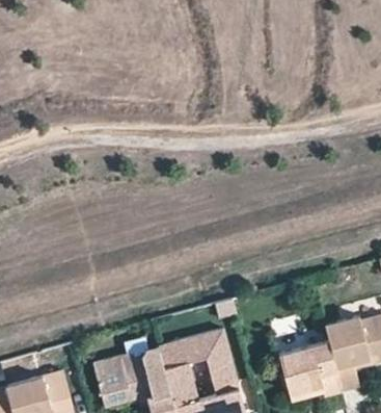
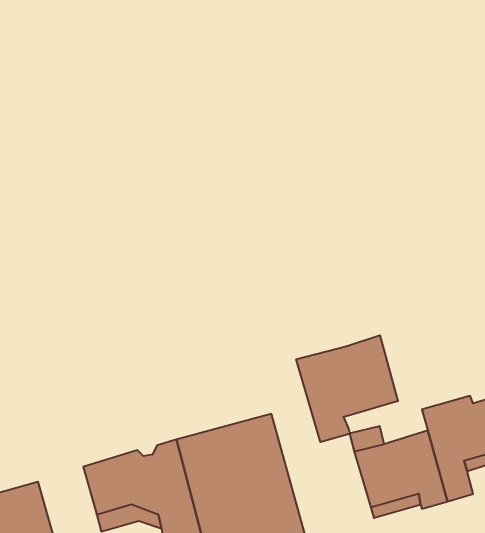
building: none -> [296,335,398,442]

